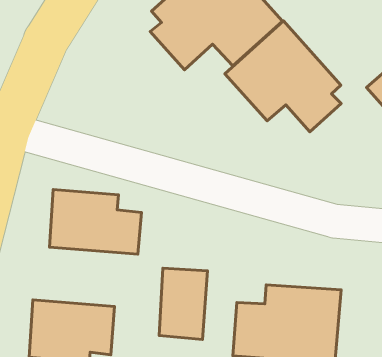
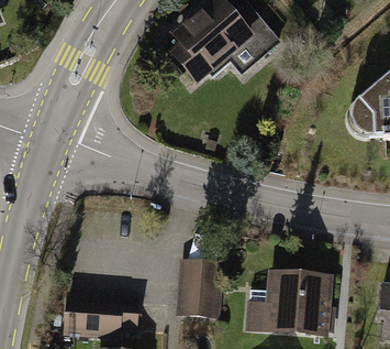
building: [225,21,341,132] -> none
building: [49,189,141,254] -> none

